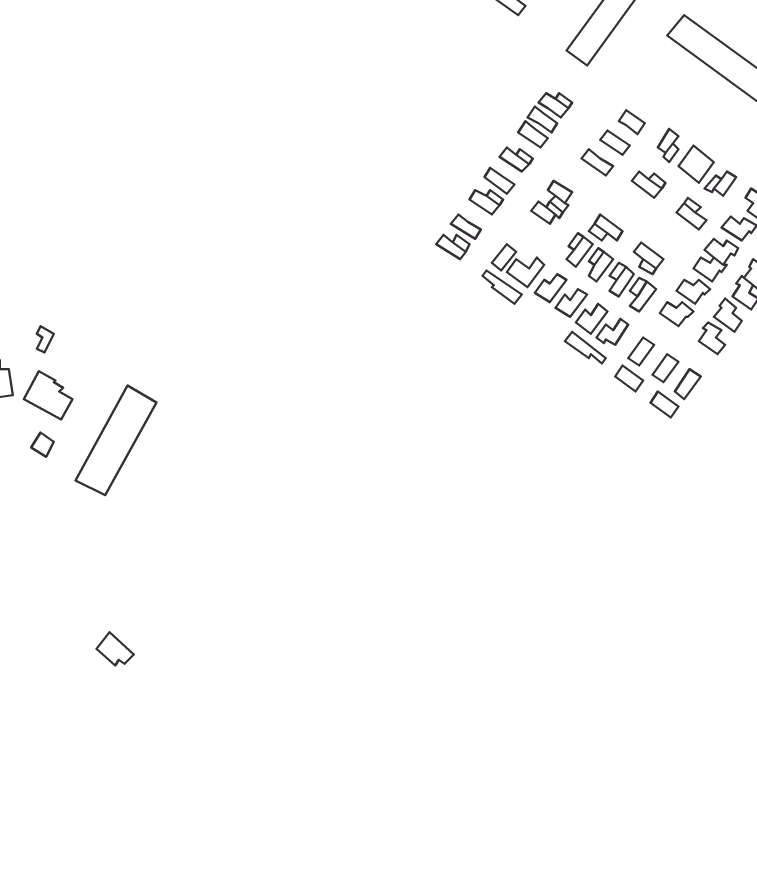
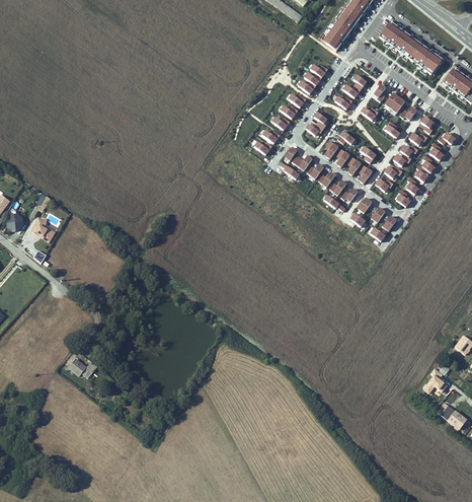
building: [75,385,157,495] -> none

